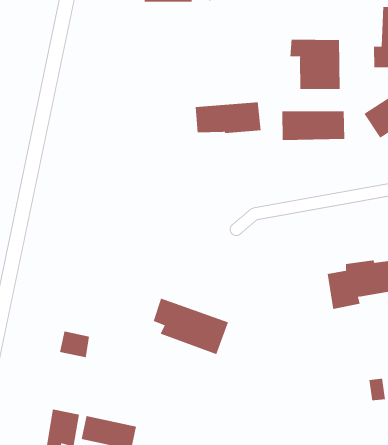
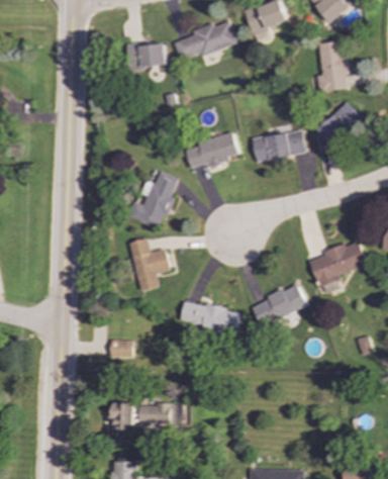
building: [290,39,340,90] -> none
building: none -> [125,170,178,227]
building: none -> [128,237,168,290]
building: none -> [251,283,307,327]

